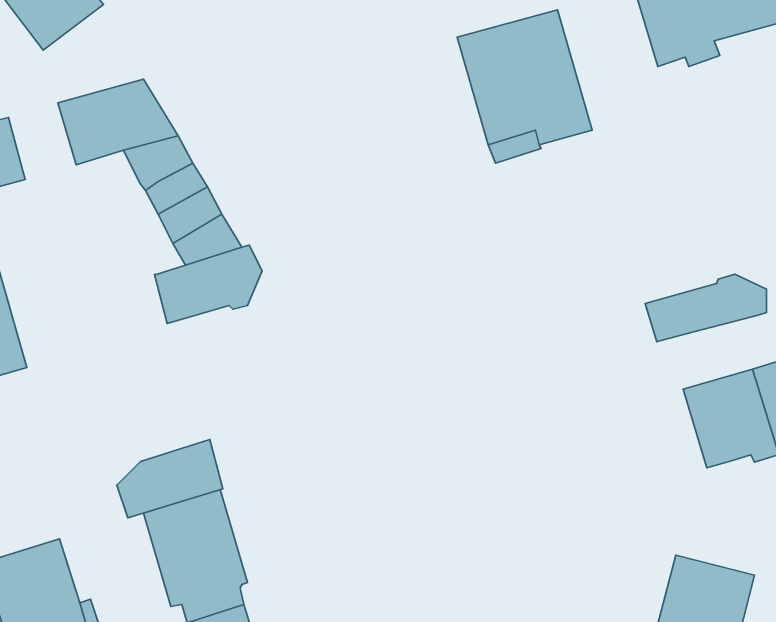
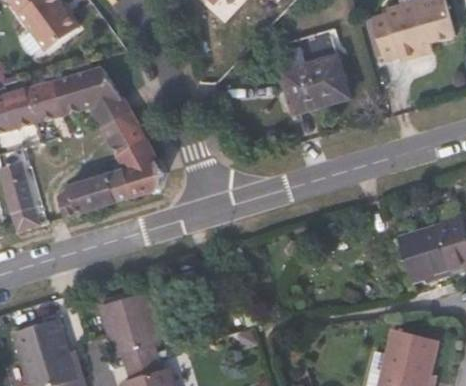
building: none -> [28,81,65,123]
building: [645,274,767,342] -> none
building: [117,440,223,518] -> [57,175,115,218]

